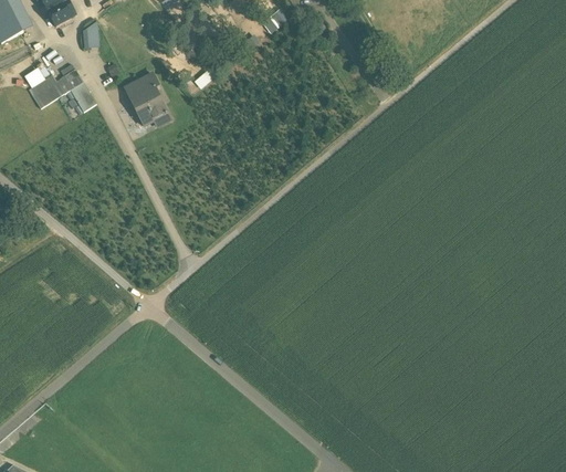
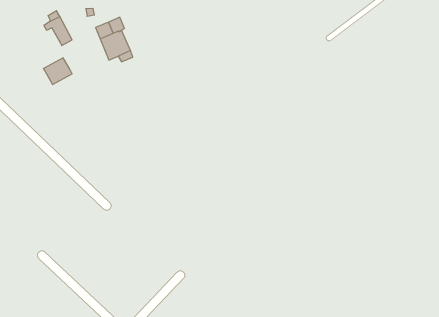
building: [27,74,62,107] -> [43,58,72,84]

